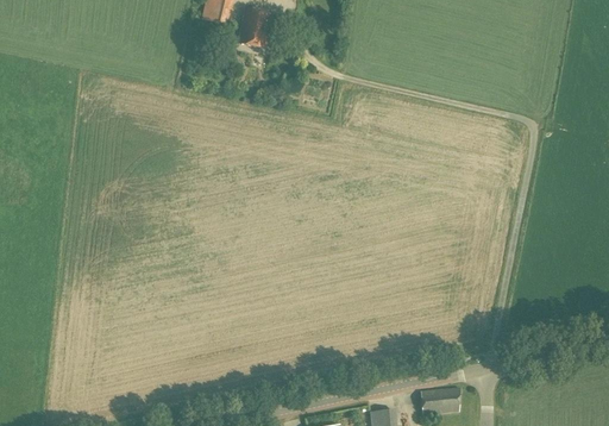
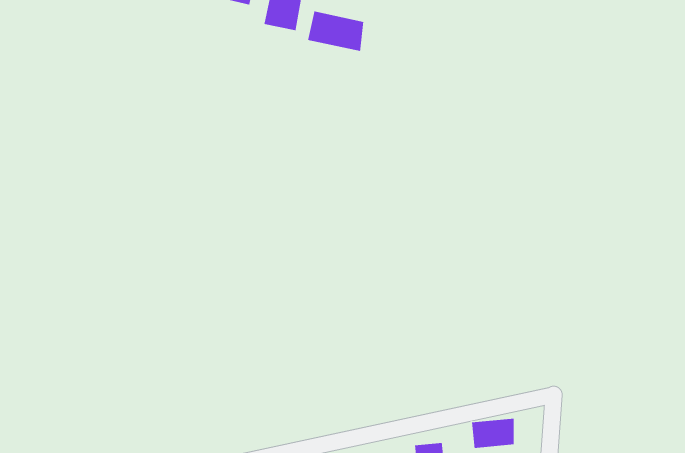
building: none -> [307,10,364,52]

